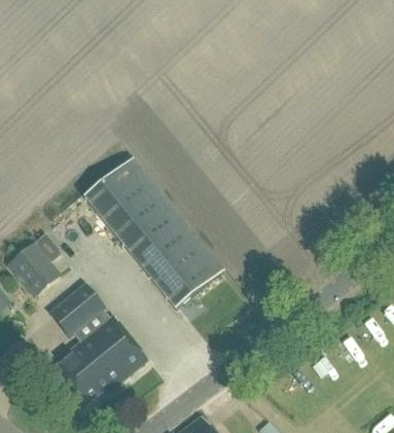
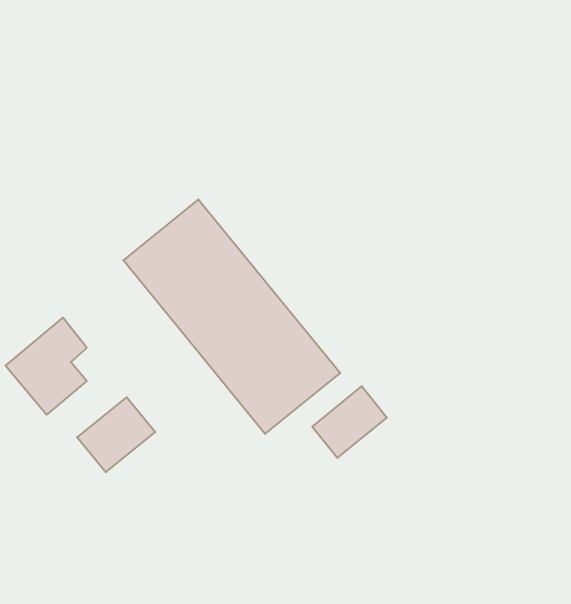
building: none -> [312,386,387,458]
building: [53,315,147,403] -> none

